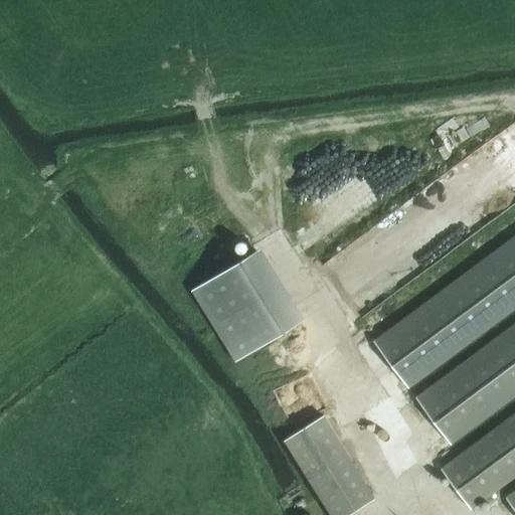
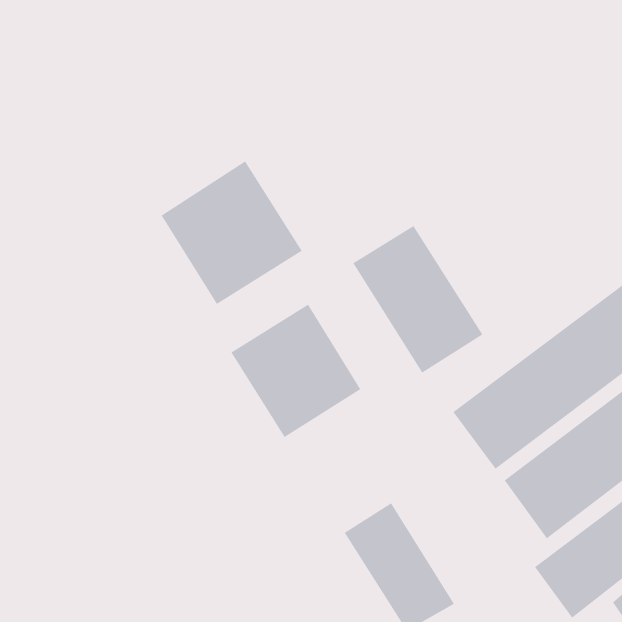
building: none -> [161,161,302,305]
building: none -> [353,225,483,373]

